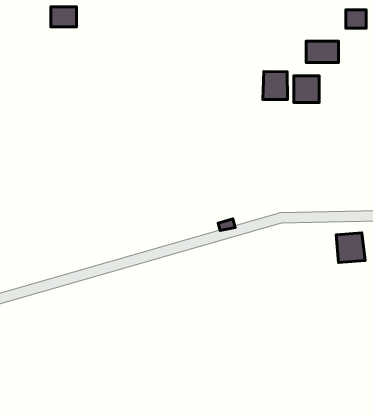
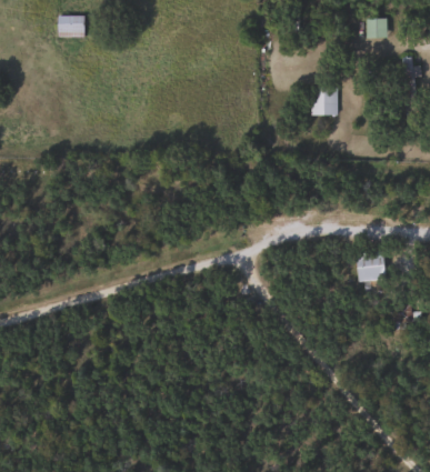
building: [306,41,338,63] -> none
building: [263,72,287,99] -> none

